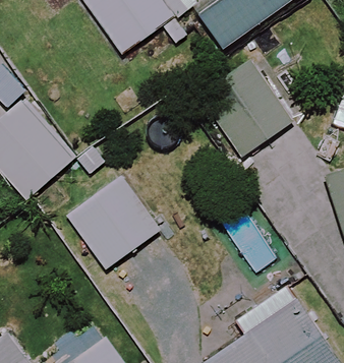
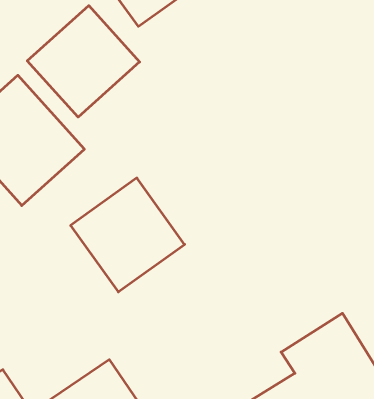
building: none -> [27,6,140,117]
building: [197,60,291,157] -> none

